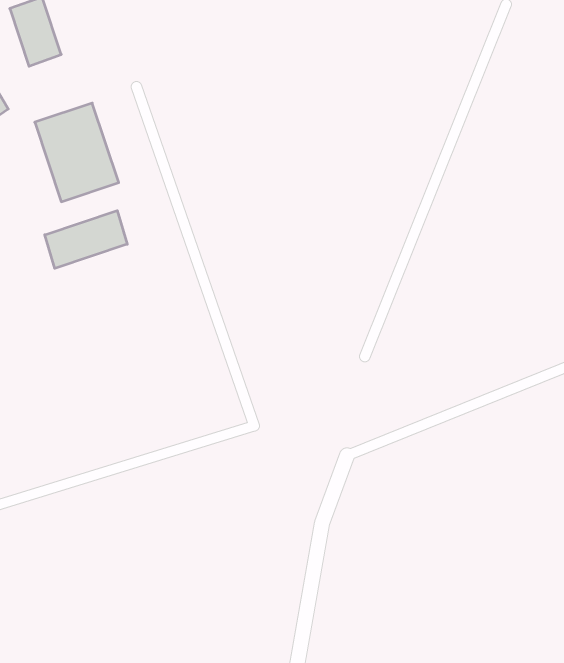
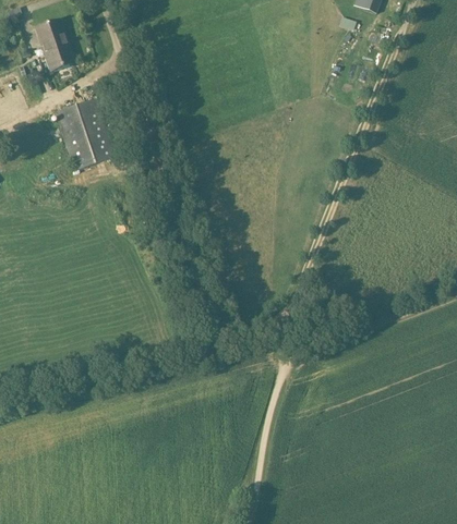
building: [45,211,127,268] -> none

